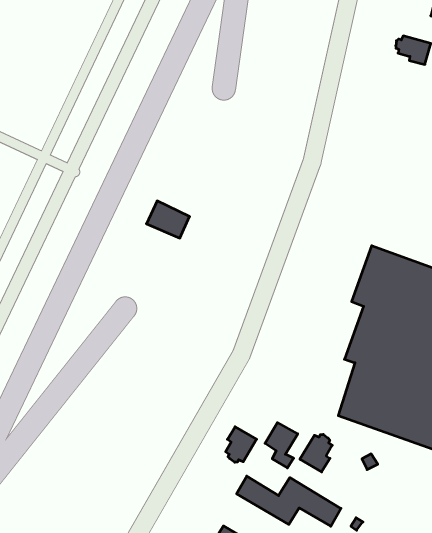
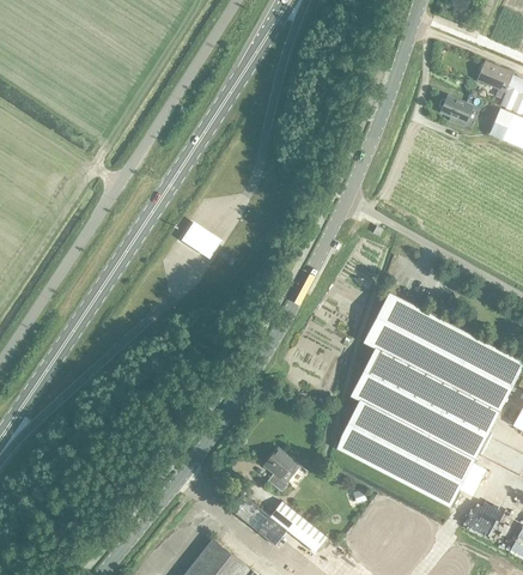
building: [226,427,257,462] -> none
building: [300,434,332,472] -> none

